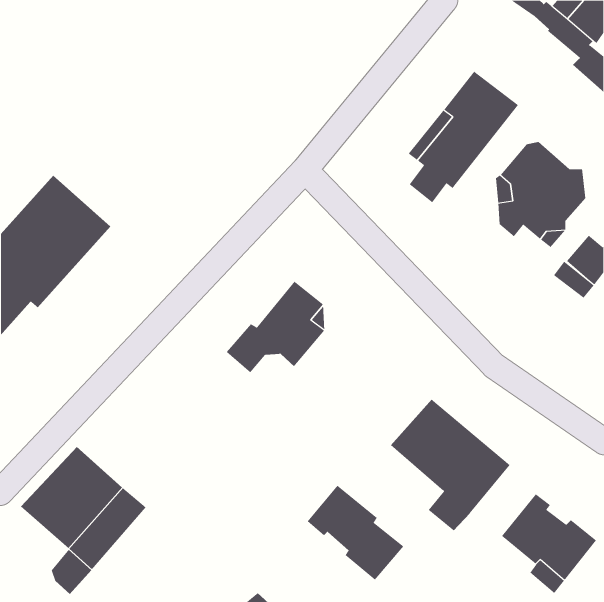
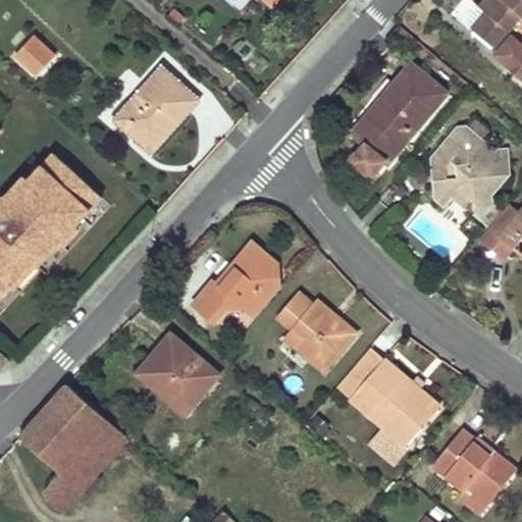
building: none -> [14,37,55,76]
building: none -> [114,66,199,155]
building: none -> [280,291,357,368]
building: none -> [137,332,221,417]
building: [307,485,404,580] -> none

